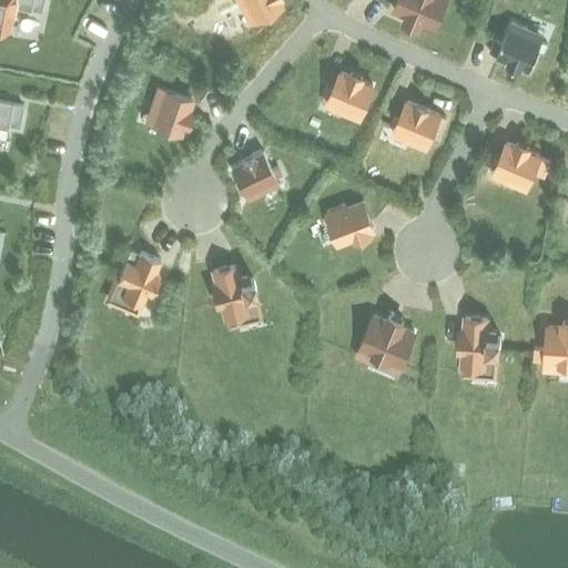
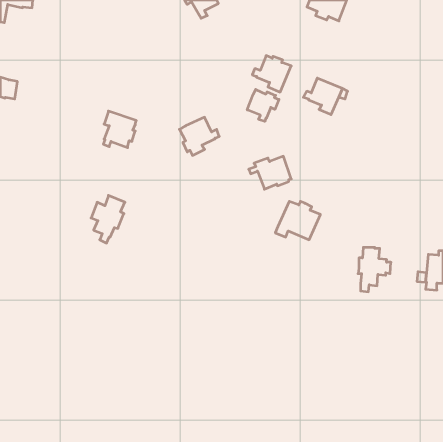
building: [496,22,547,71] -> none
building: [149,88,191,134] -> [103,111,136,148]
building: none -> [247,89,279,121]
building: [488,143,538,191] -> none
building: [212,266,256,326] -> none
building: [356,317,414,366] -> [275,201,320,240]

